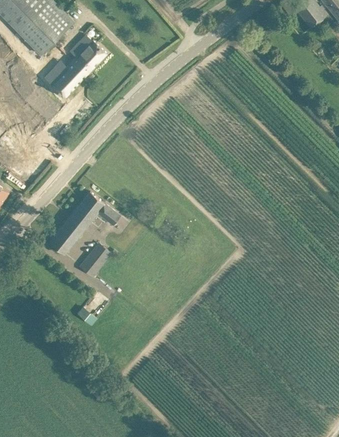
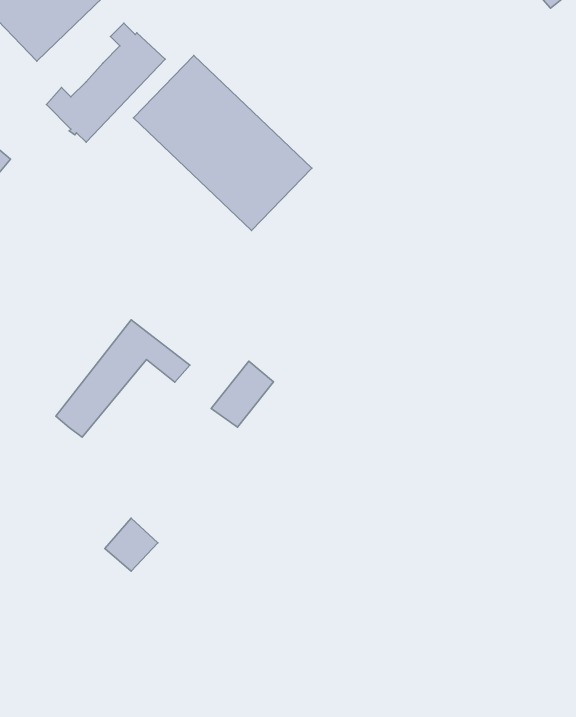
building: none -> [134,56,312,231]
building: [77,242,110,277] -> [211,361,274,427]

